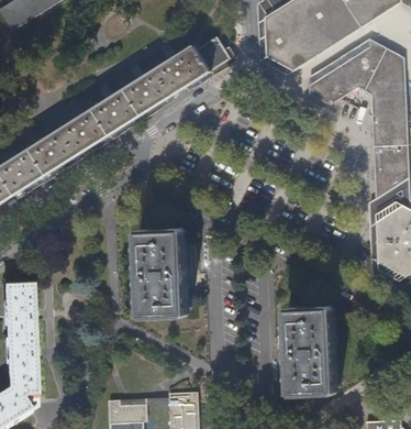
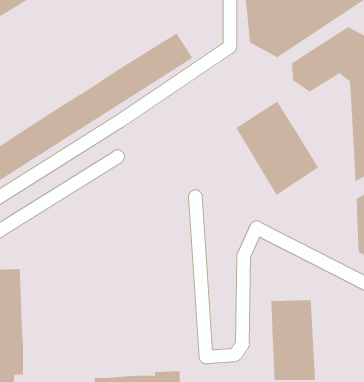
building: [196,33,232,70] -> none
building: none -> [235,101,319,196]
building: [138,242,188,323] -> none

